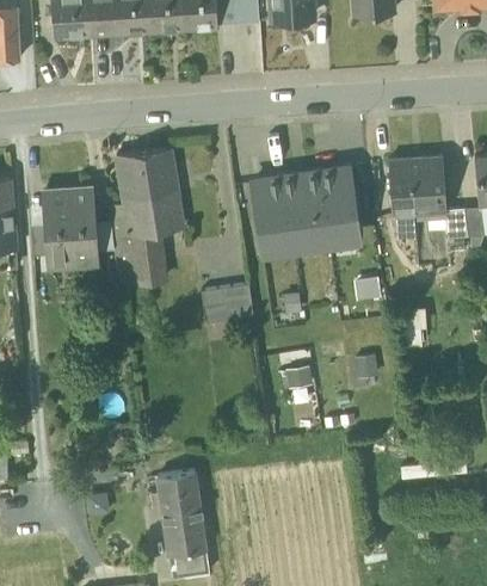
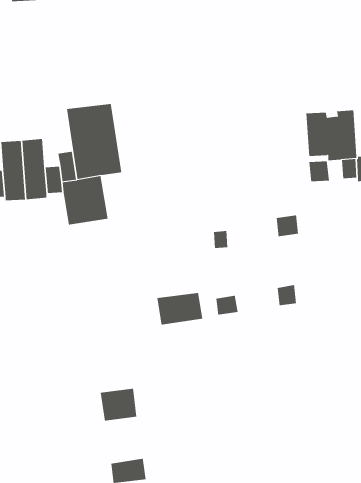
building: [252,168,355,247] -> none
building: [201,284,253,321] -> [157,292,203,325]
building: [160,502,204,555] -> none

